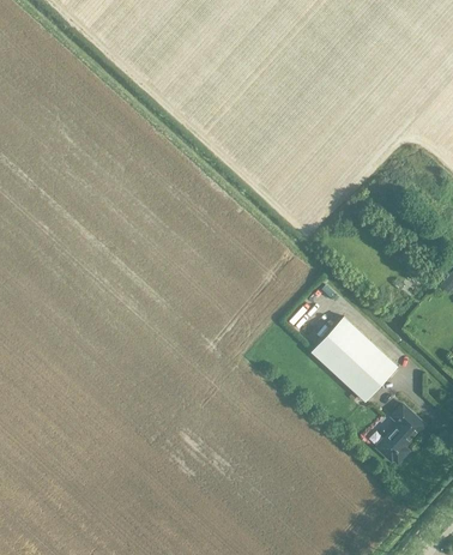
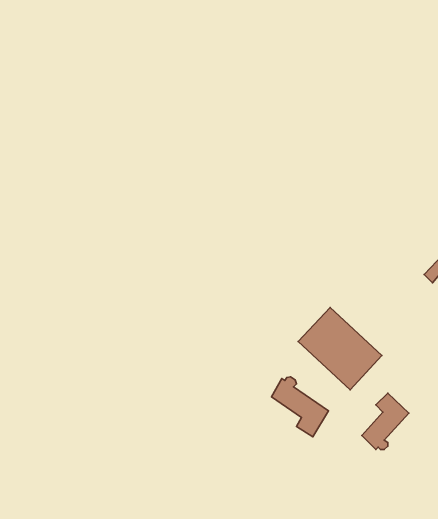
building: none -> [272,377,328,437]

